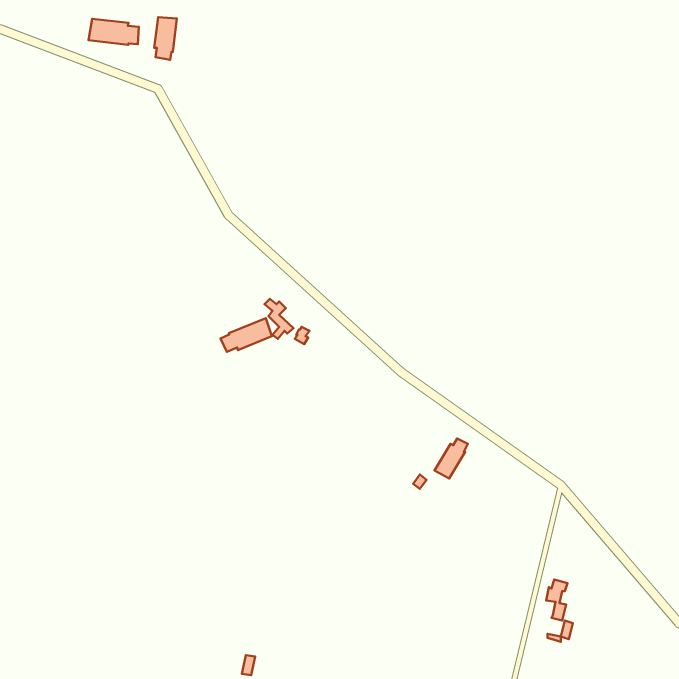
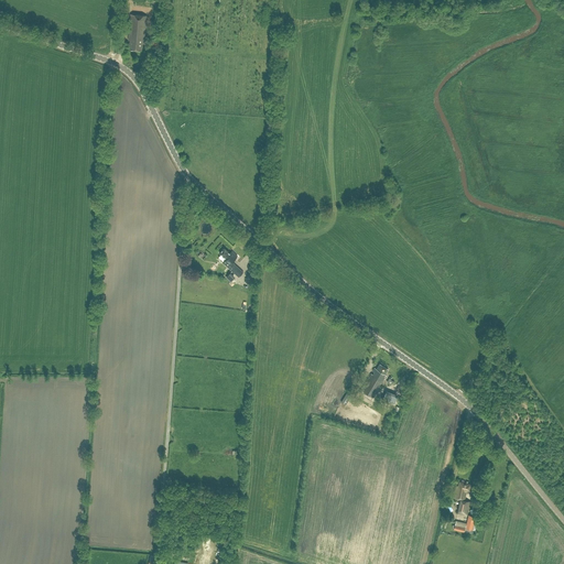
building: [89,19,139,45] -> none
building: [220,318,272,352] -> none

